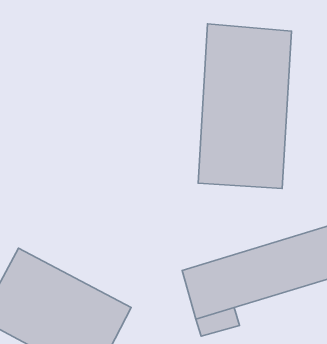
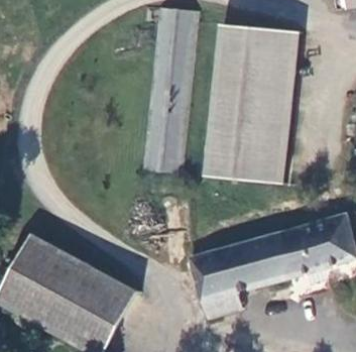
building: none -> [141,10,194,175]

